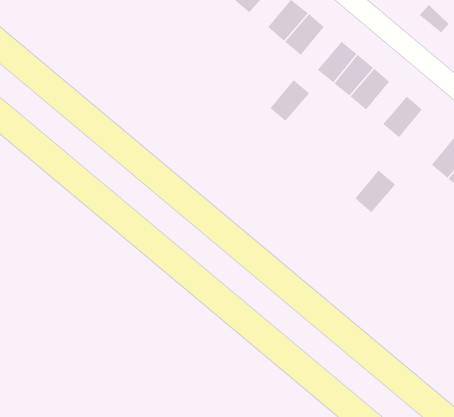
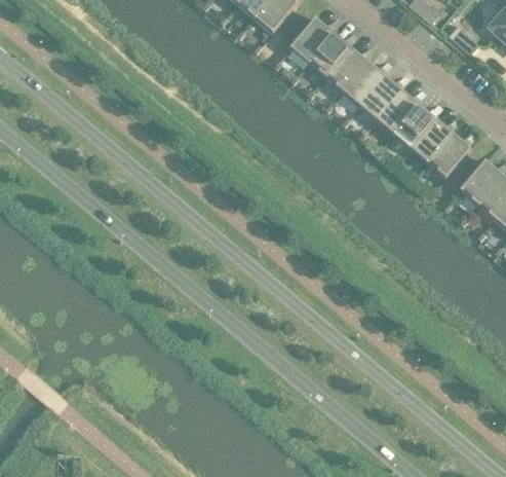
building: [270,79,310,122] -> [325,46,367,90]
building: none -> [393,103,435,147]
building: [355,170,396,213] -> [427,132,470,177]

